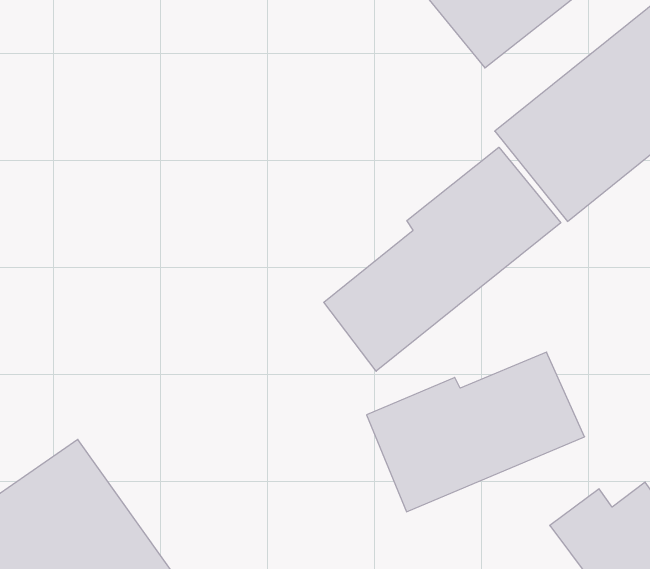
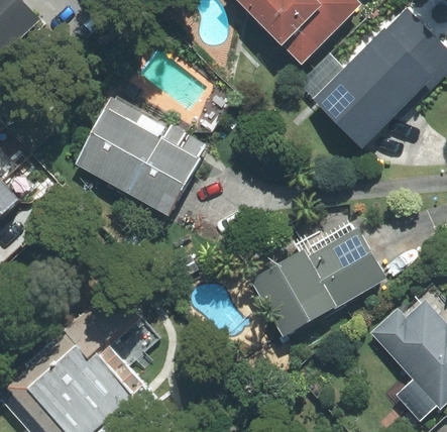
building: none -> [75,97,204,214]
building: [324,147,561,371] -> none

